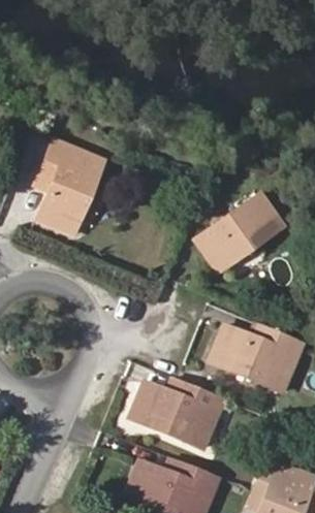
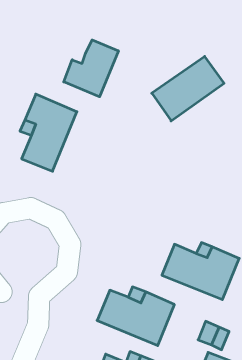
building: none -> [64,40,118,97]
building: [195,194,284,274] -> [152,56,224,121]

